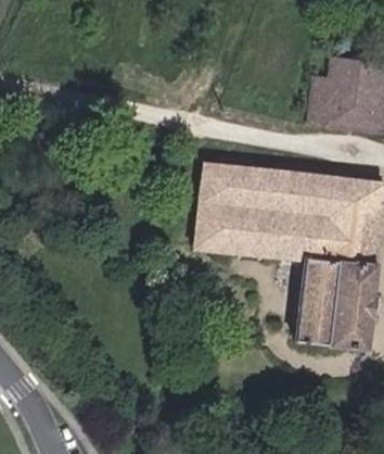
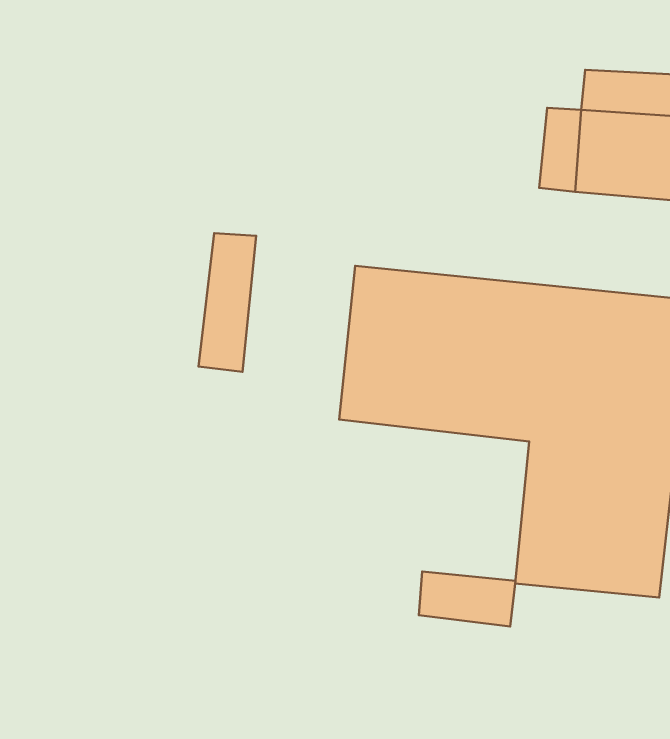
building: none -> [199,233,256,372]
building: none -> [419,571,515,627]

